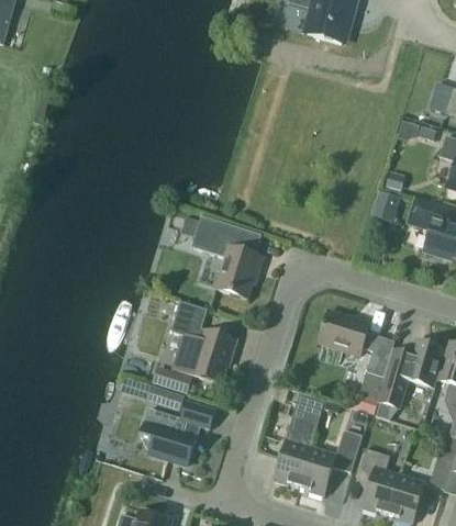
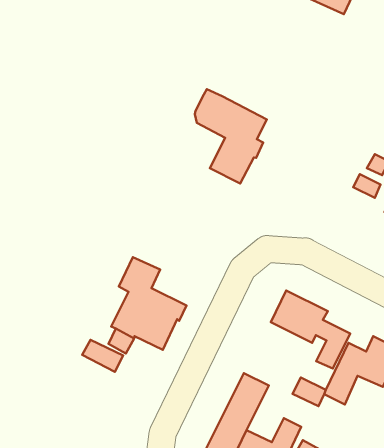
building: [193,214,262,298] -> [195,89,267,184]
building: [140,401,214,465] -> none

